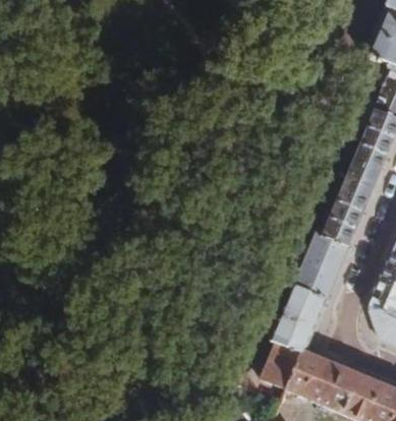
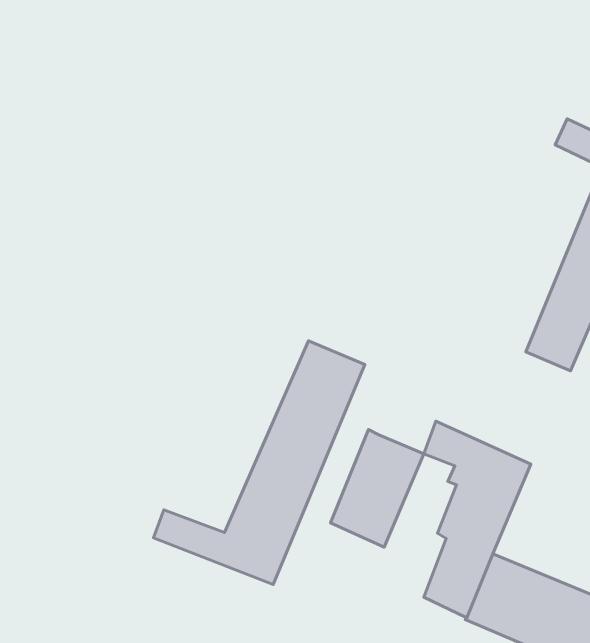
building: none -> [153,341,365,585]
building: [294,230,349,299] -> [330,430,424,547]

